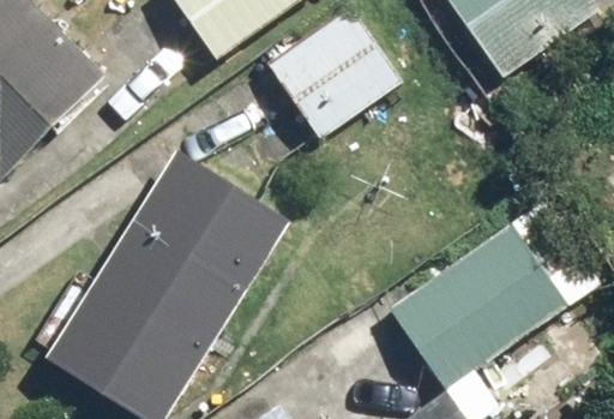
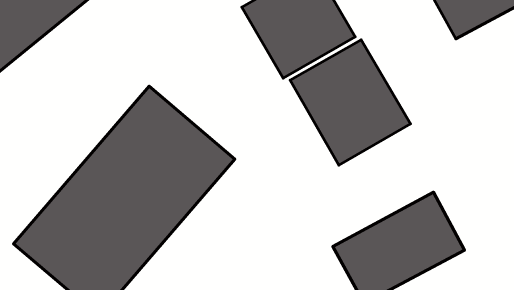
building: none -> [290,40,411,165]

